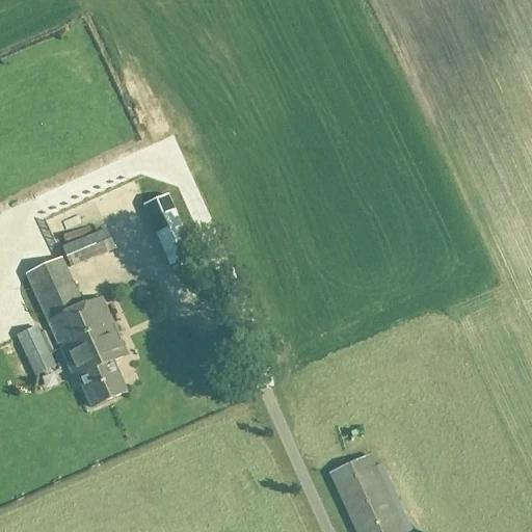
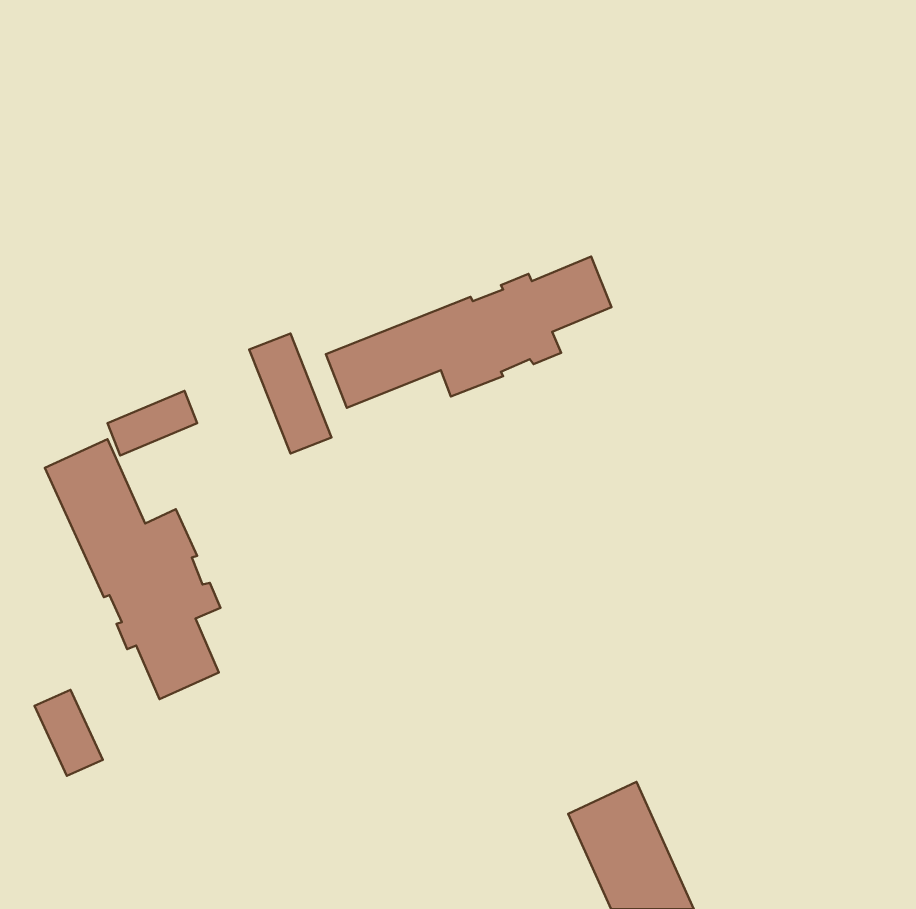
building: none -> [326,257,611,408]
building: [17,324,56,374] -> [35,690,103,776]

